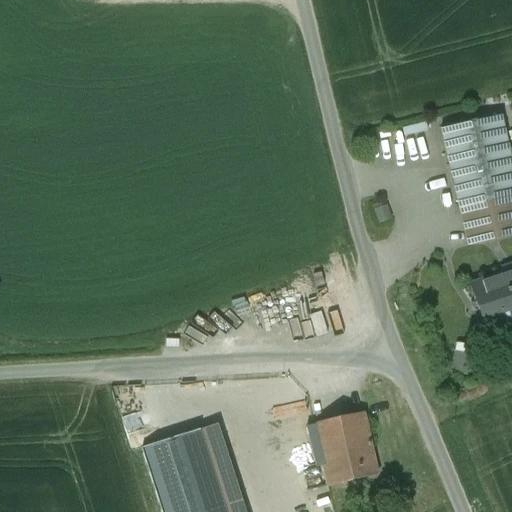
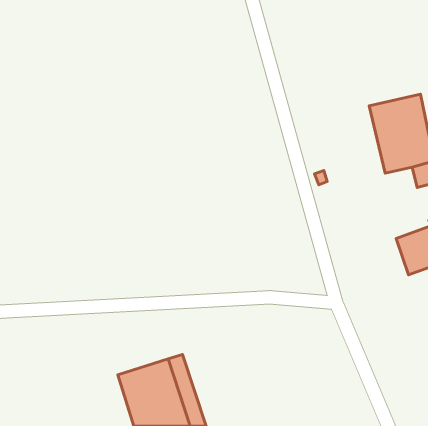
building: [314,411,378,483] -> none

